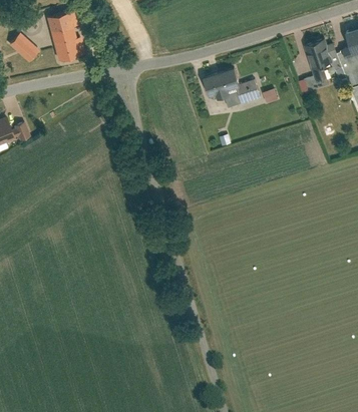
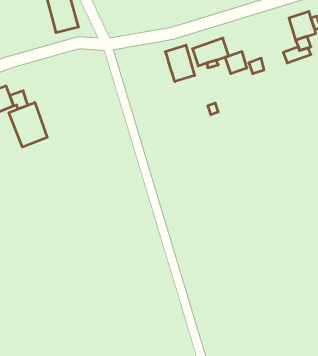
building: [9,32,40,62] -> none
building: none -> [165,45,195,82]
building: none -> [9,102,47,147]

